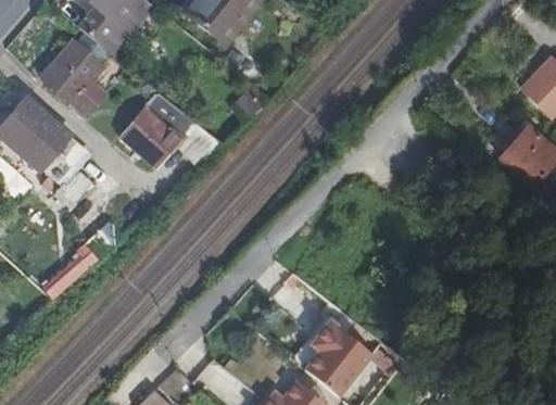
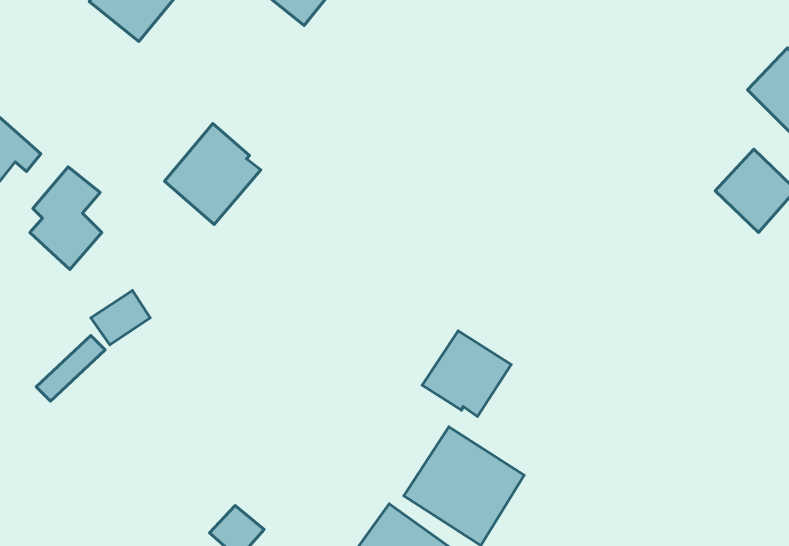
building: [37,45,94,113] -> none
building: none -> [422,331,511,417]

